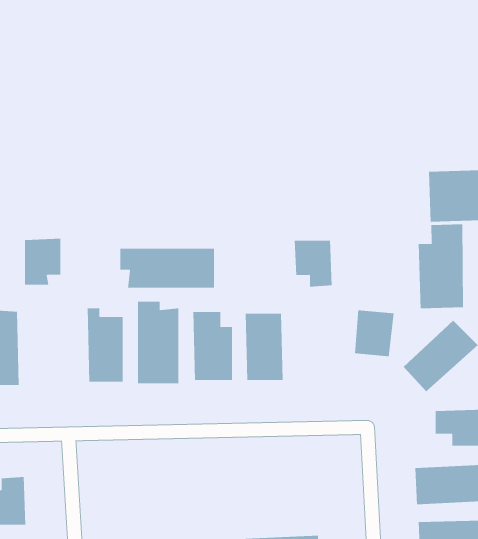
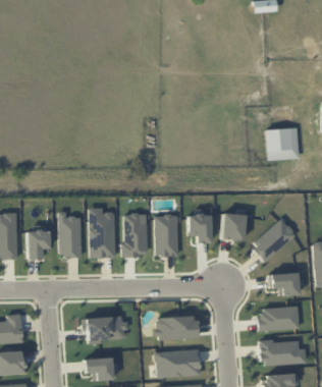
building: [418,224,464,309] -> none
building: [24,238,61,285] -> [28,230,50,259]
building: [294,240,333,287] -> [187,215,211,243]
building: [120,248,215,288] -> none
building: none -> [85,316,125,341]
building: none -> [153,316,197,339]

